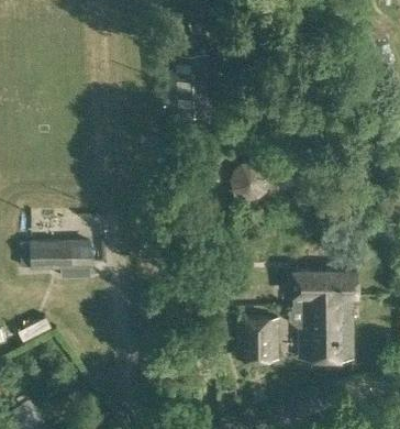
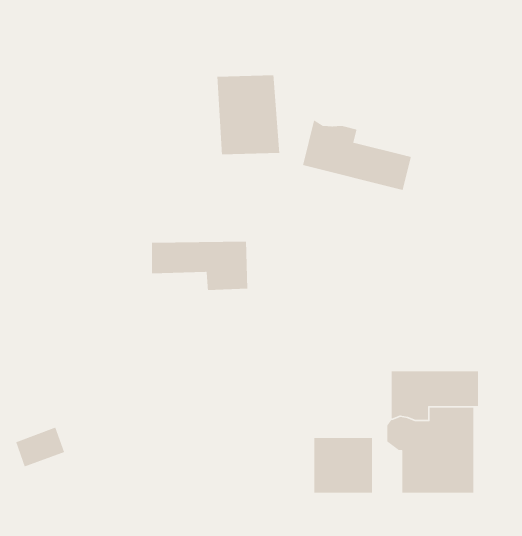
building: none -> [302,120,412,191]
building: [233,166,268,201] -> none
building: [22,243,92,279] -> [151,241,248,291]

